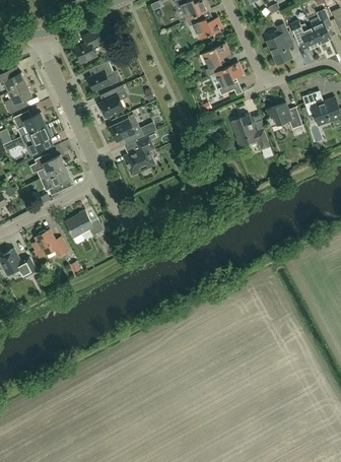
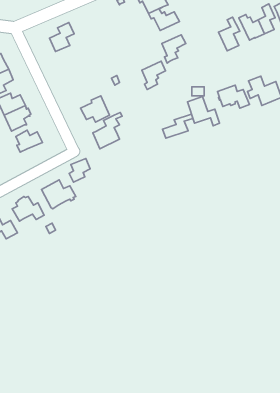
building: [87,62,120,91] -> none
building: [215,62,243,94] -> [142,61,166,89]
building: [98,85,125,118] -> none
building: none -> [162,114,193,138]
building: [46,168,70,195] -> [69,158,90,182]

